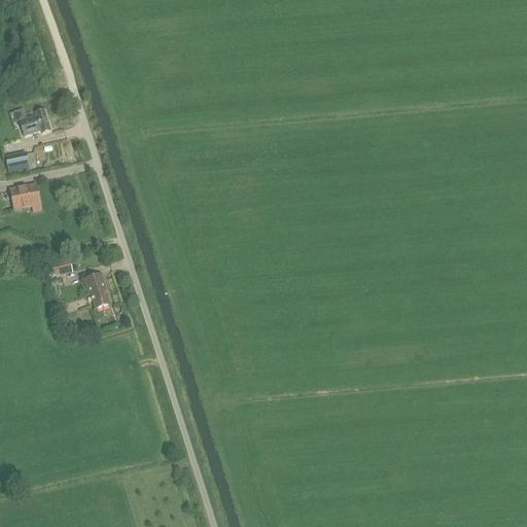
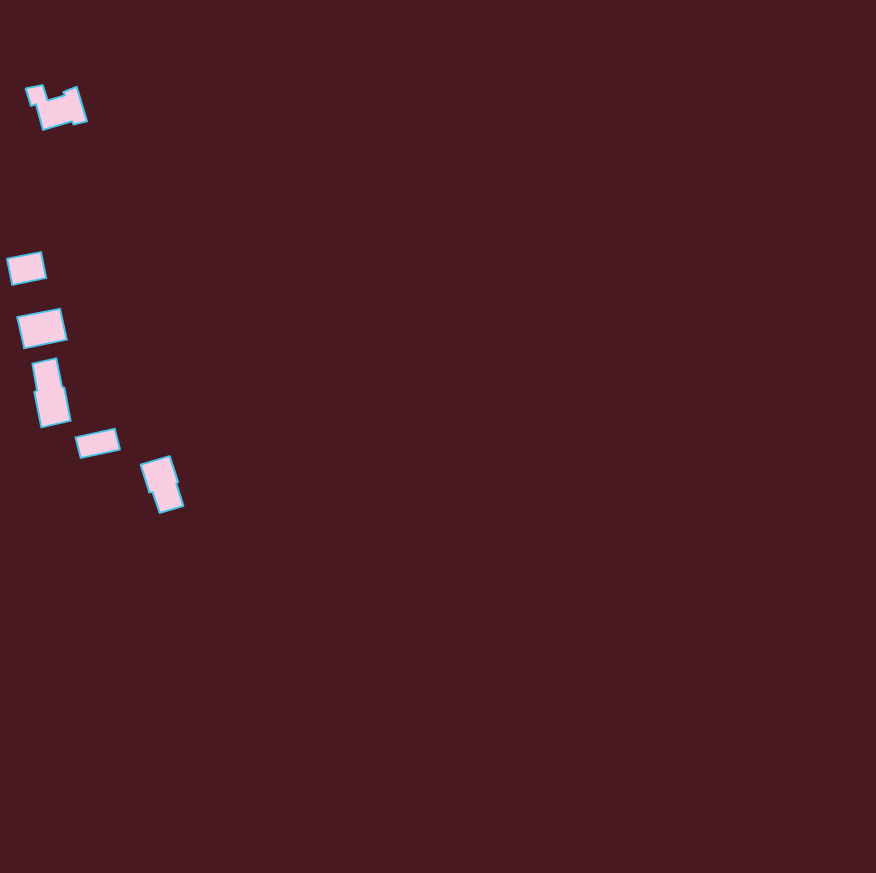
building: [13,108,50,135] -> [26,85,87,130]
building: none -> [32,358,70,427]

